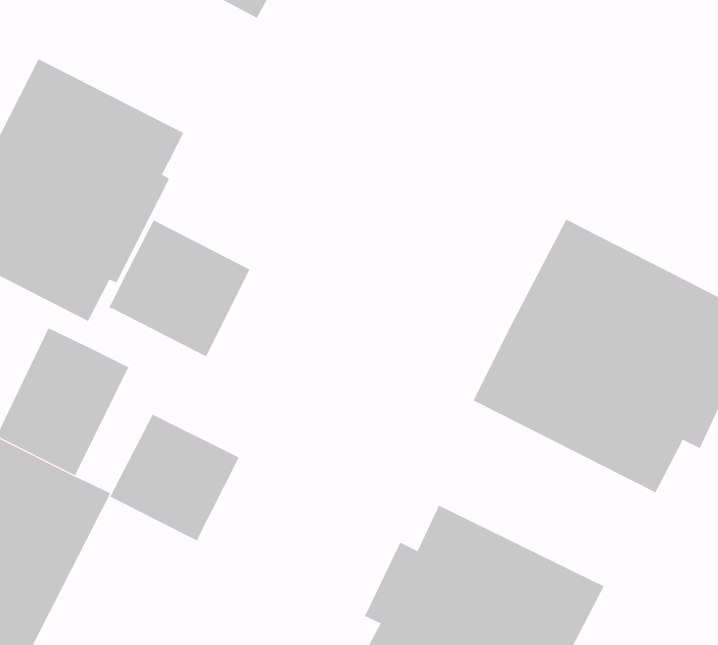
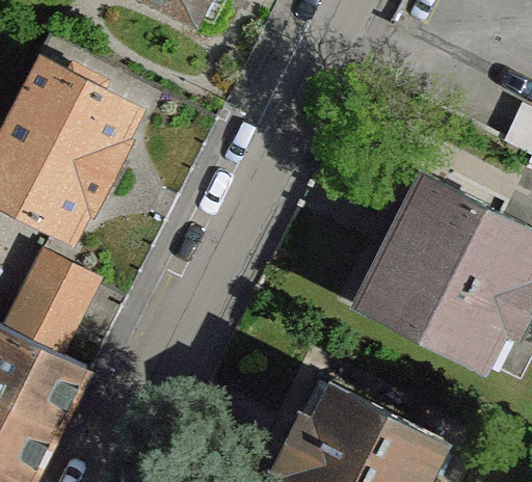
building: [109,219,250,357] -> none
building: [109,414,240,541] -> none

